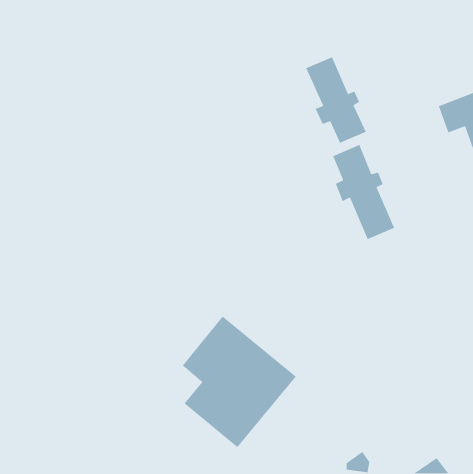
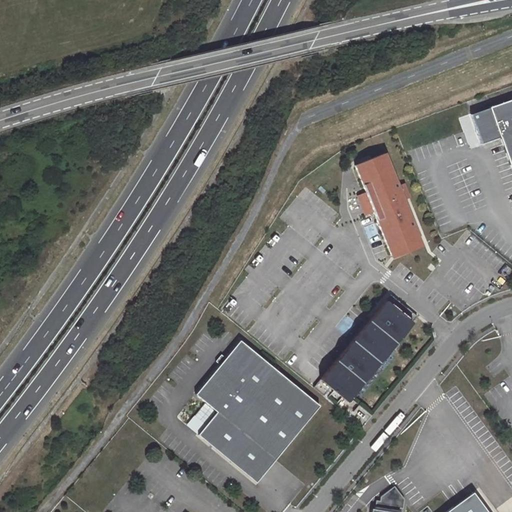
building: [305,56,367,144] -> none
building: none -> [321,299,414,401]

